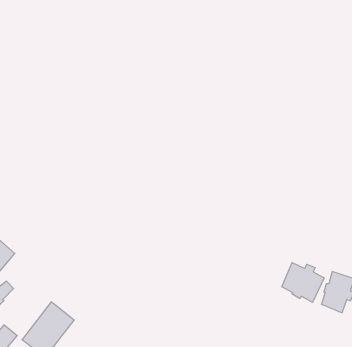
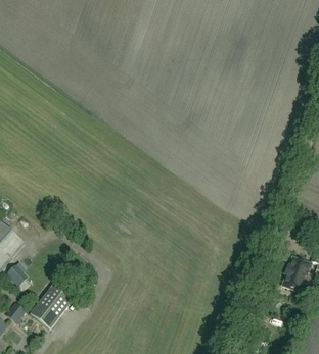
building: [282,262,324,302] -> none

